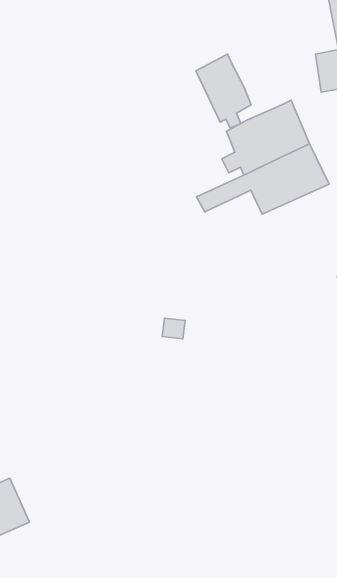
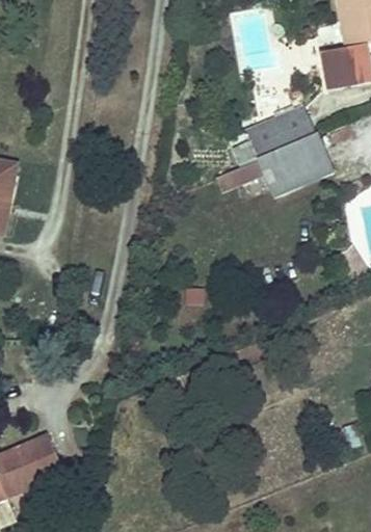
building: [196,54,251,128] -> none

